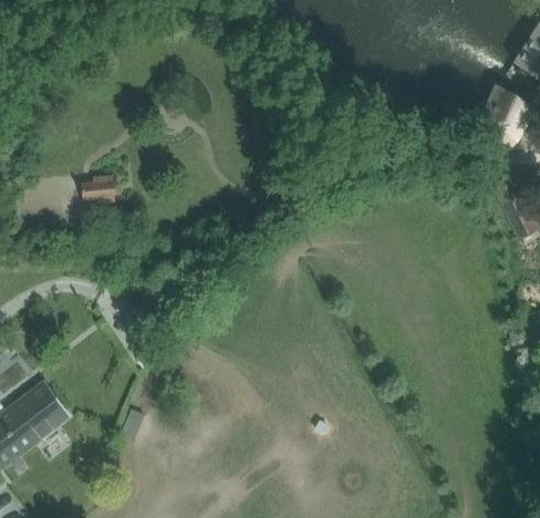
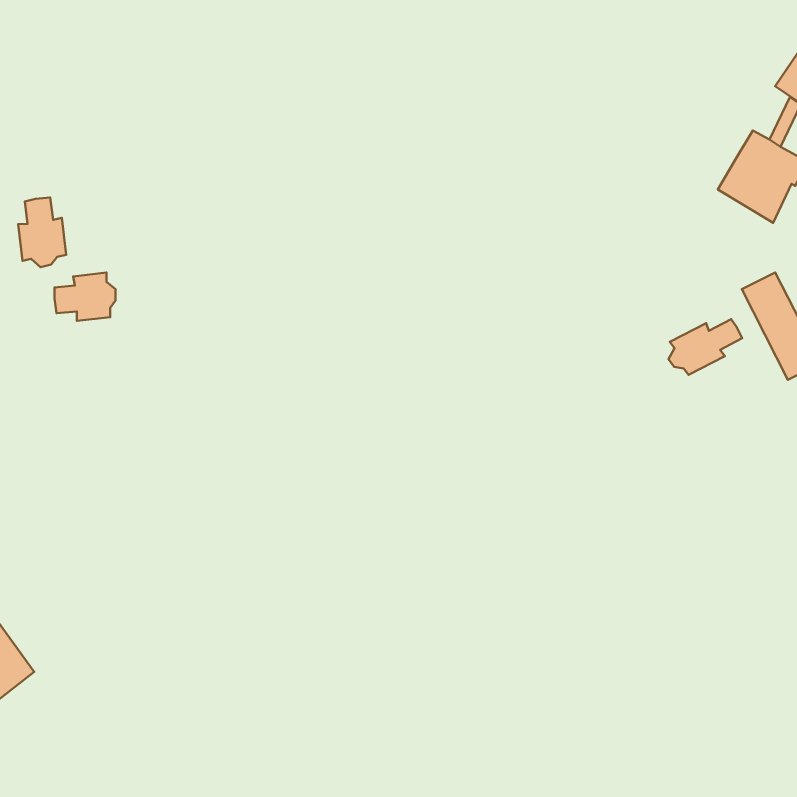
building: none -> [18,198,66,267]
building: none -> [669,319,742,375]

